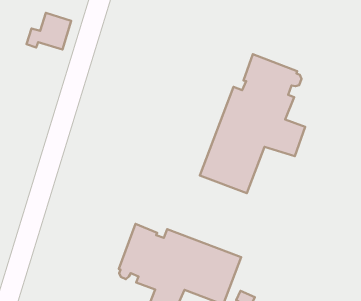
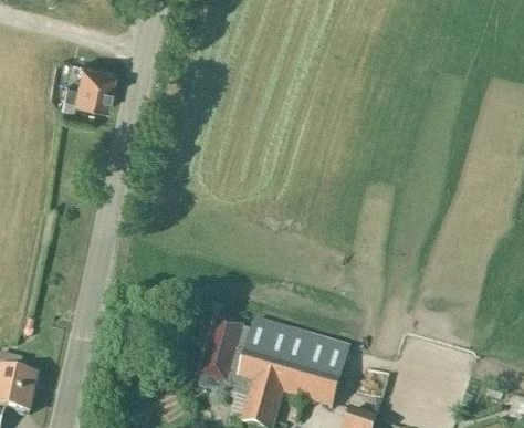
building: [200,54,305,193] -> none

